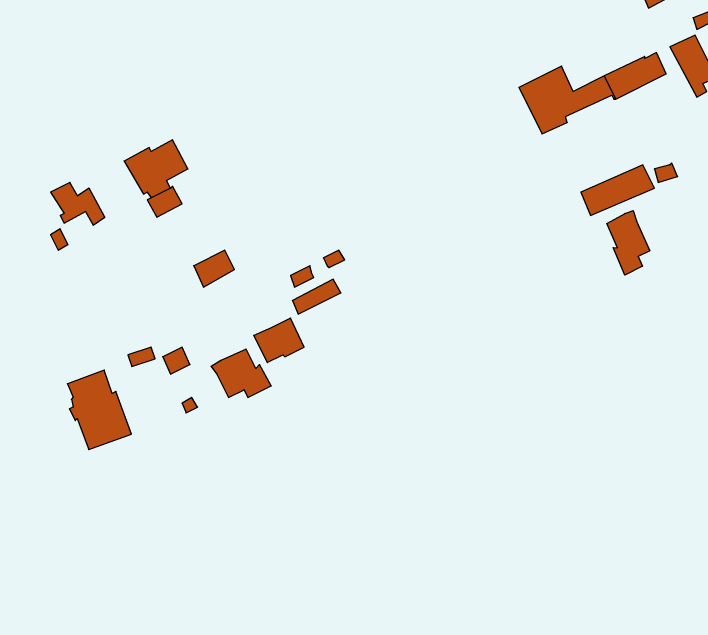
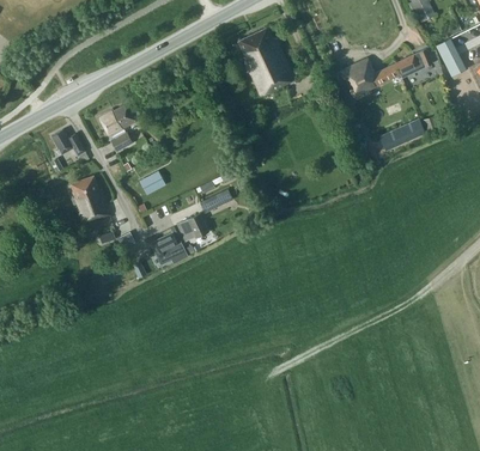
building: none -> [238,26,296,96]
building: [607,211,650,275] -> none
building: [67,370,131,450] -> [71,175,110,224]

